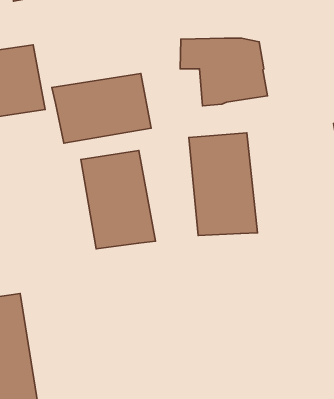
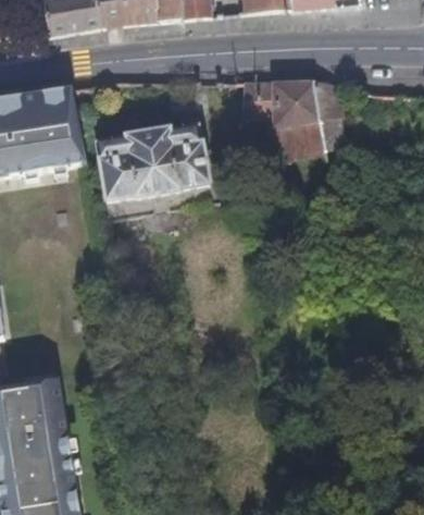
building: [189,133,257,236] -> none
building: [81,151,156,249] -> none

